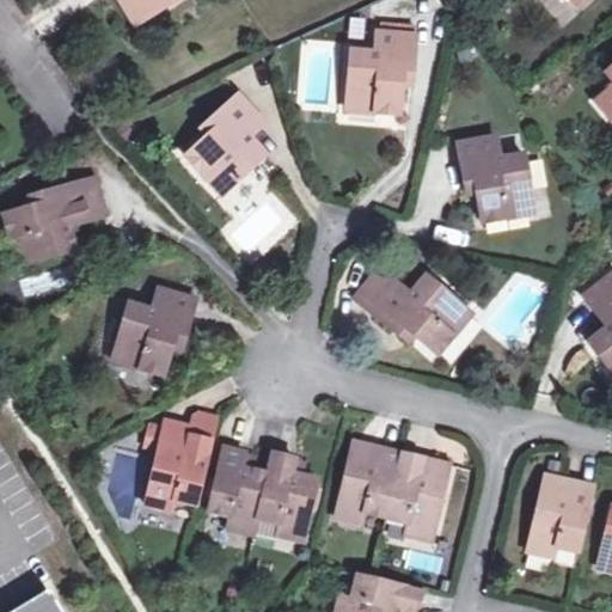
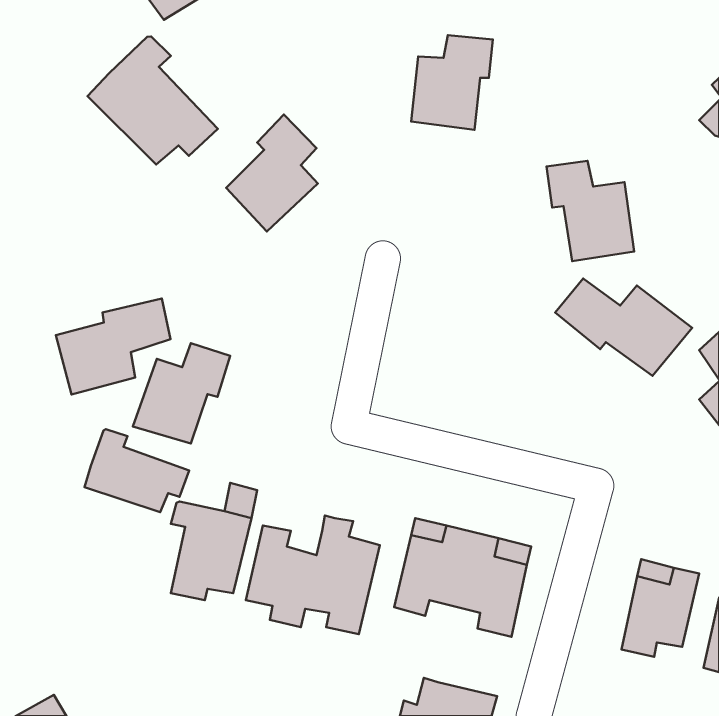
building: none -> [87,37,218,165]
building: [8,180,105,262] -> [56,298,170,394]
building: [357,273,473,355] -> [555,279,692,376]
building: none -> [85,429,189,512]

